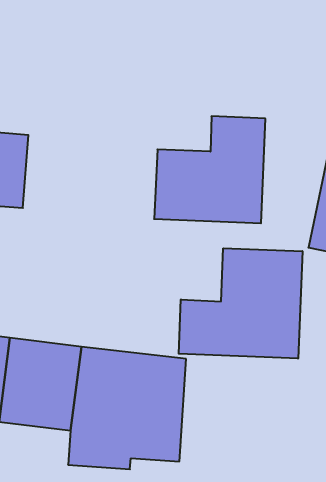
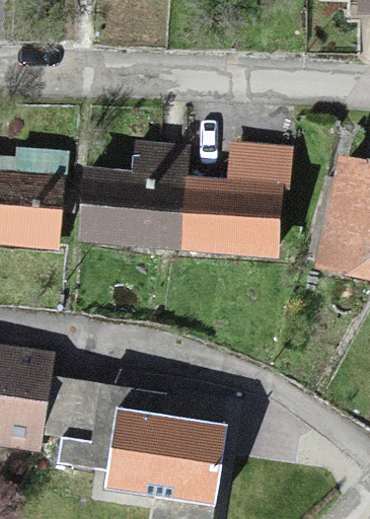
building: none -> [79,144,182,250]
building: [179,248,302,359] -> none

